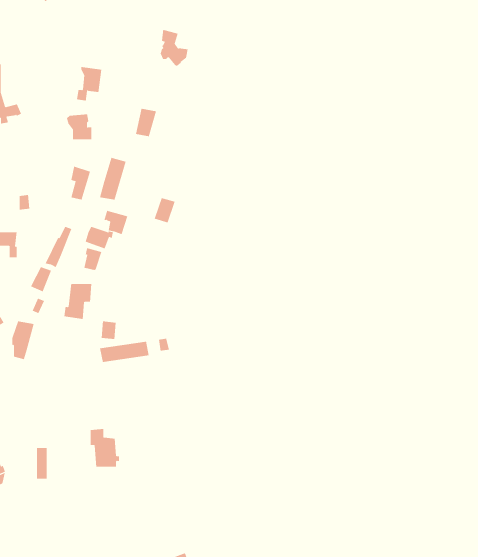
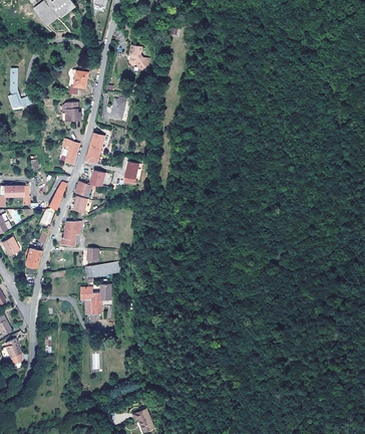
building: [90,428,120,467] -> [82,287,103,314]

